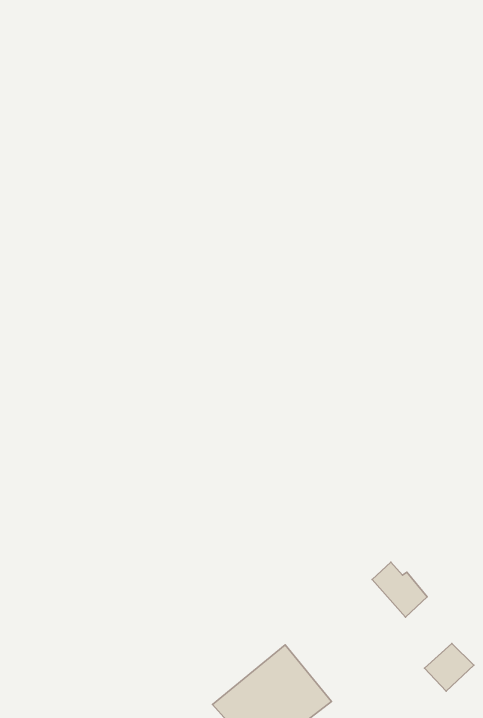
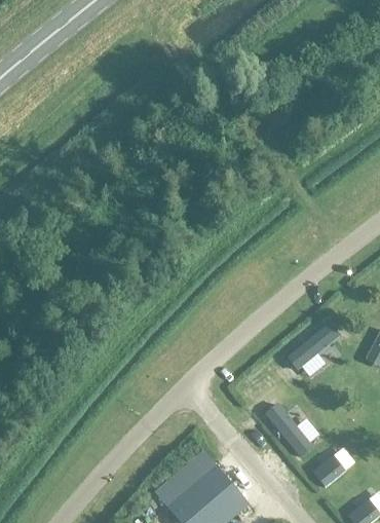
building: none -> [286,333,330,376]

